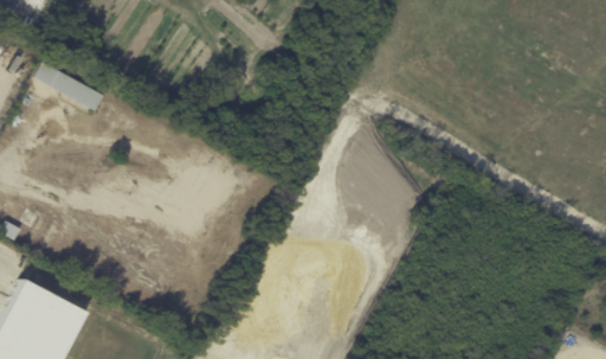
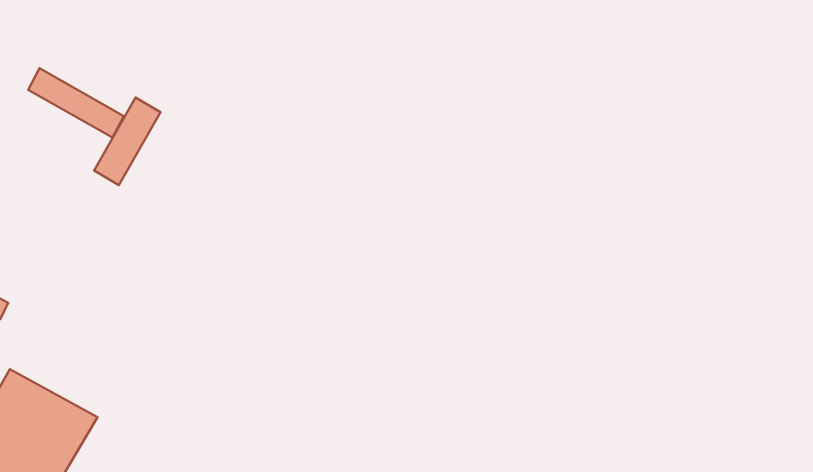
building: none -> [94,97,161,185]

